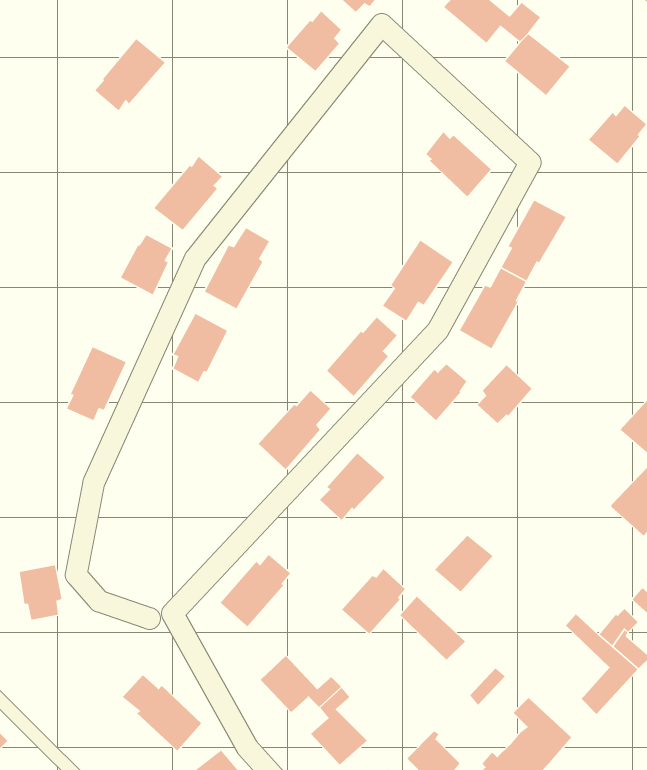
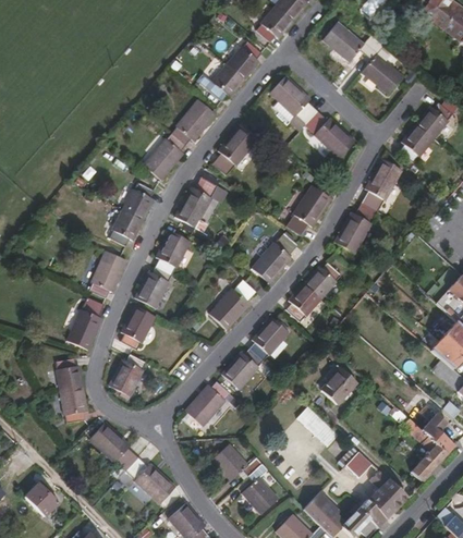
building: [94,38,166,111] -> [172,99,217,145]
building: none -> [208,64,245,101]
building: none -> [270,76,325,131]
building: none -> [399,122,434,160]
building: none -> [212,124,257,174]
building: none -> [111,208,144,245]
building: [477,364,533,424] -> [285,282,320,319]
building: none -> [135,265,172,307]
building: none -> [68,296,105,349]
building: none -> [118,307,154,350]
building: none -> [108,353,145,396]
building: none -> [56,358,83,391]
building: [341,568,406,634] -> [221,346,261,388]
building: none -> [88,419,137,478]

